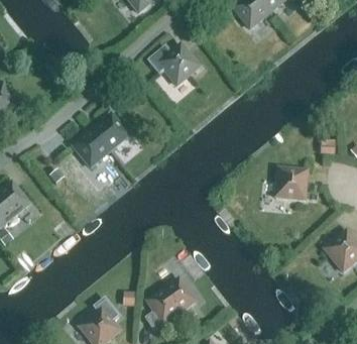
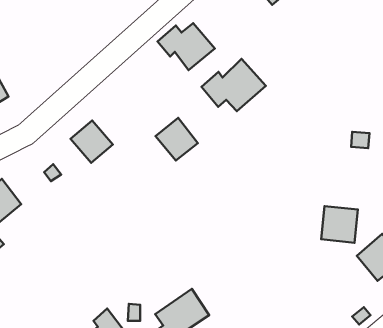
building: none -> [201,59,266,111]
building: [91,114,128,151] -> [155,118,198,160]
building: [274,167,307,200] -> [321,206,358,243]

